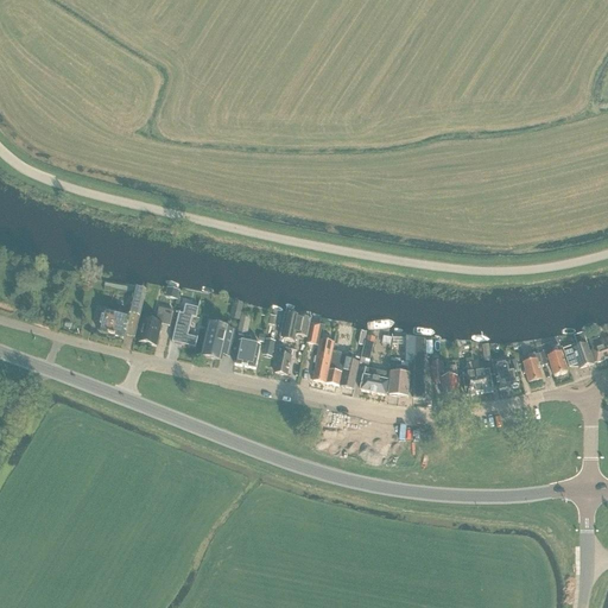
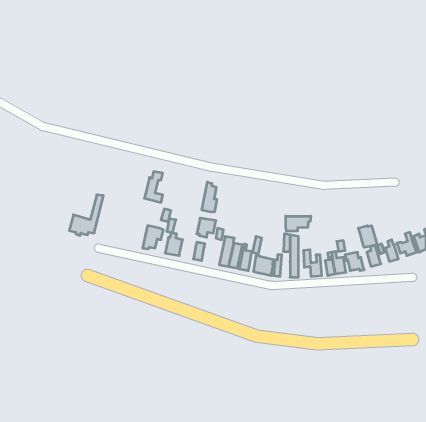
building: none -> [202,182,217,212]
building: [172,300,198,344] -> [144,172,163,202]
building: [139,304,173,342] -> none
building: none -> [286,216,311,231]
building: none -> [358,226,377,247]

